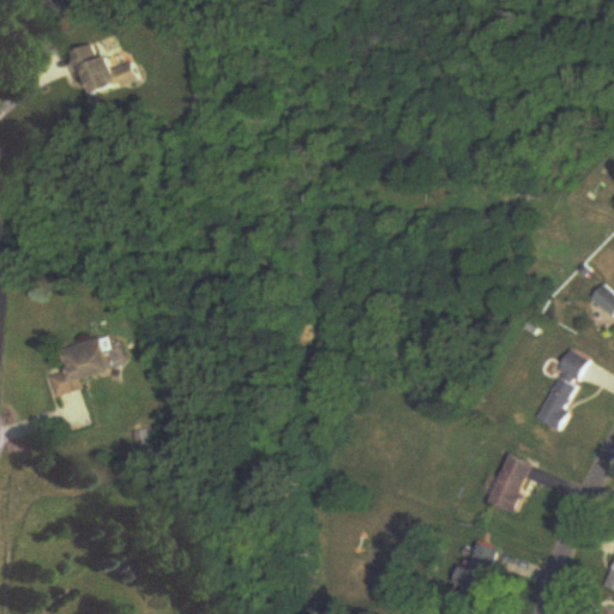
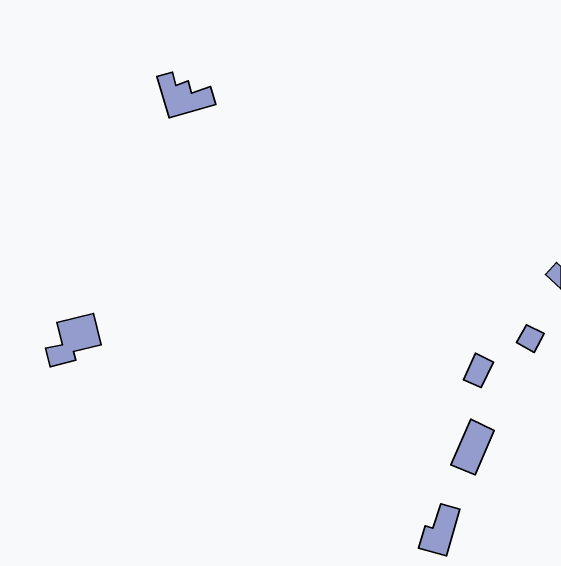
building: [71,46,134,95] -> [157,72,216,118]
building: [535,389,567,426] -> [463,353,493,388]

